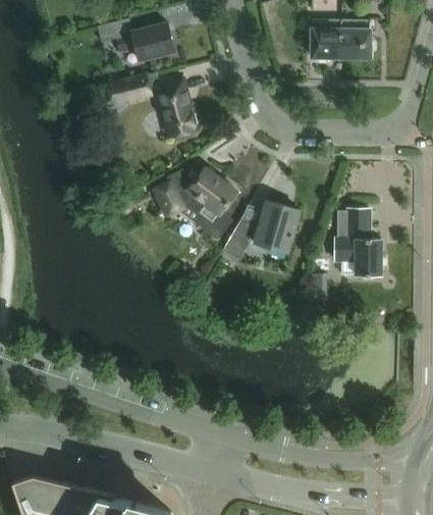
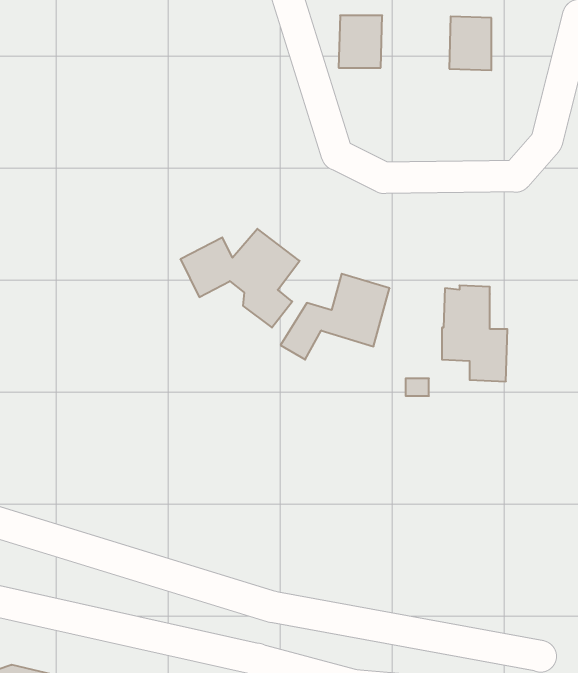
building: [97,19,174,61] -> none
building: [311,20,341,57] -> [339,15,382,68]
building: [107,73,195,137] -> none

